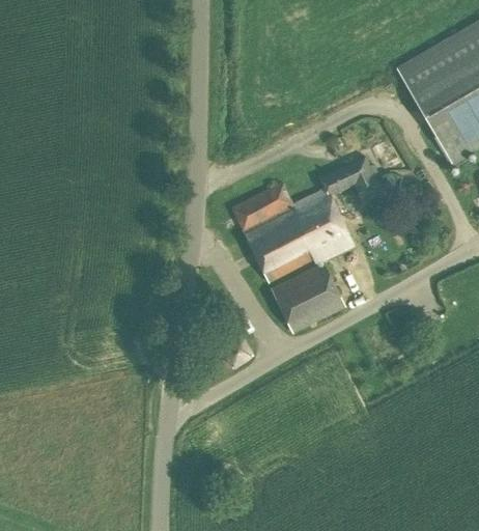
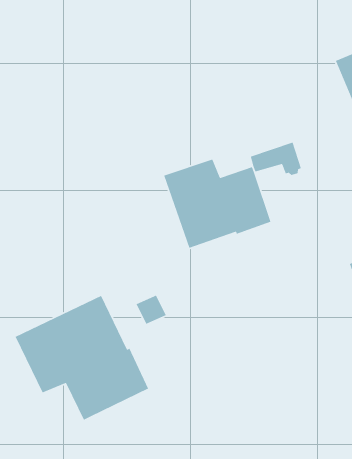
building: [271,262,345,333] -> none
building: none -> [14,295,149,421]

